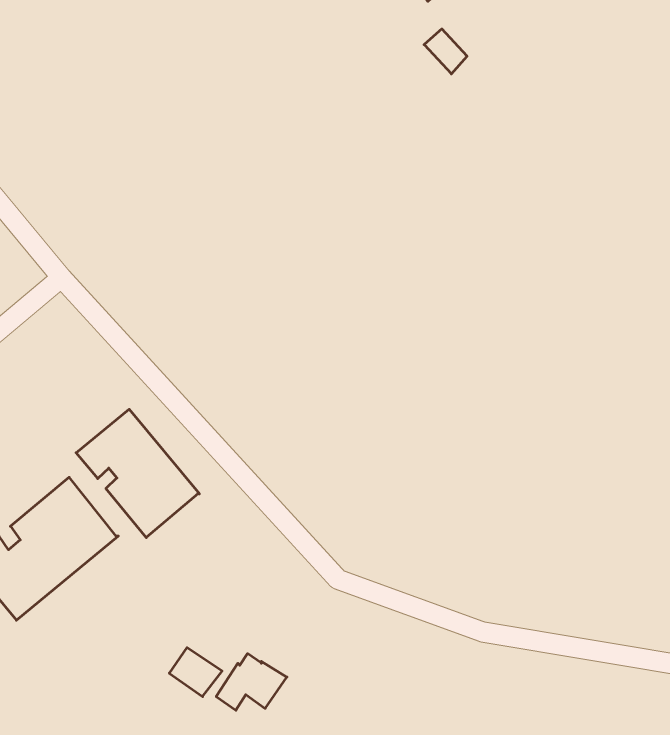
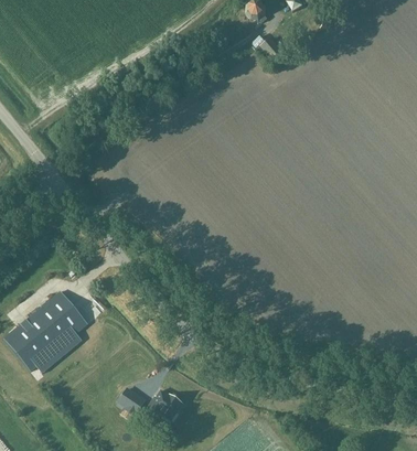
building: [76,409,199,538] -> none

